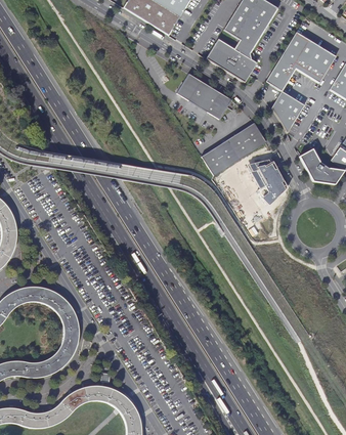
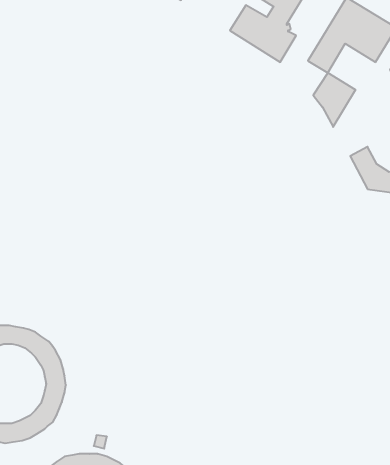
building: [177,73,232,119] -> none
building: [202,123,267,175] -> none
building: [248,159,288,205] -> none

